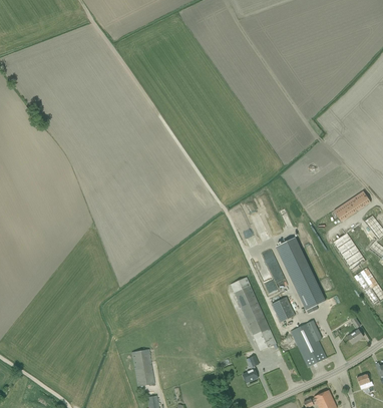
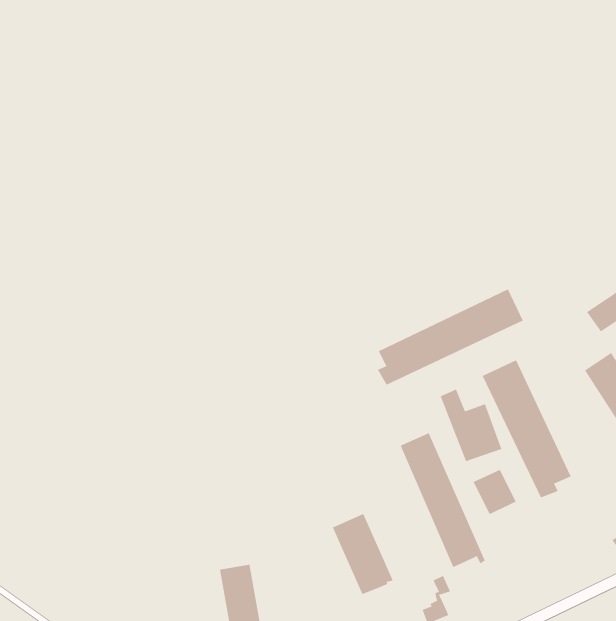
building: none -> [377,289,524,385]
building: [291,320,327,366] -> none
building: none -> [332,513,393,595]

